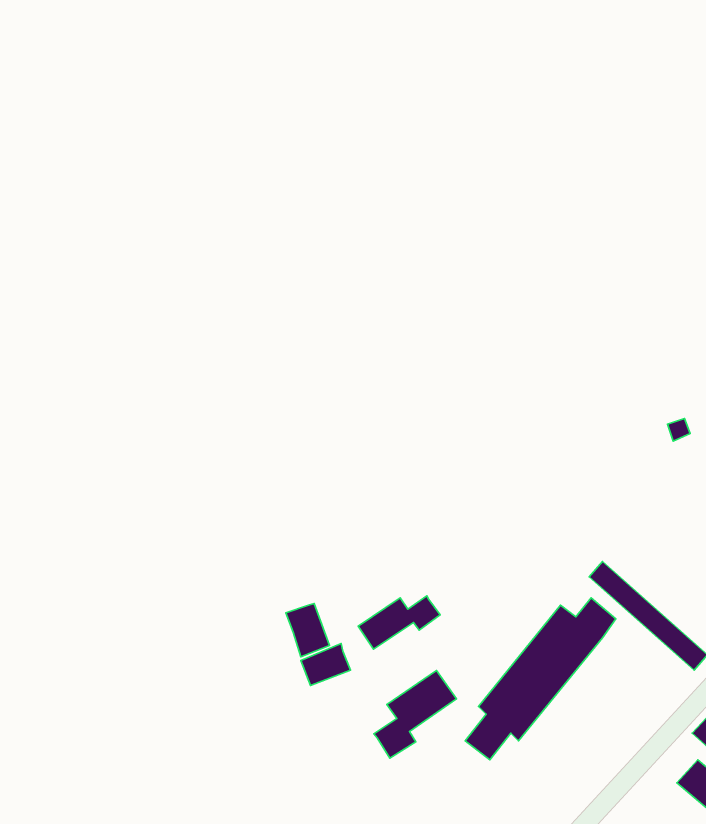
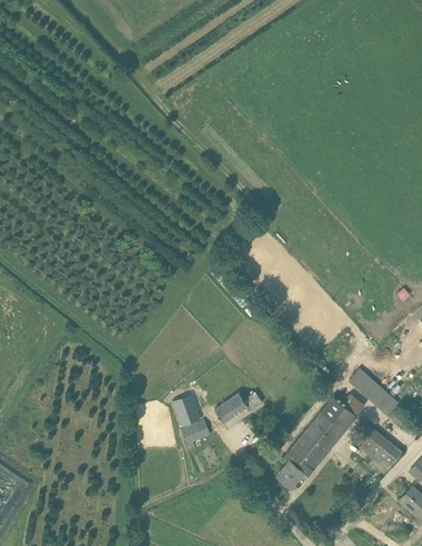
building: none -> [359,429,401,476]
building: [374,670,456,758] -> none

